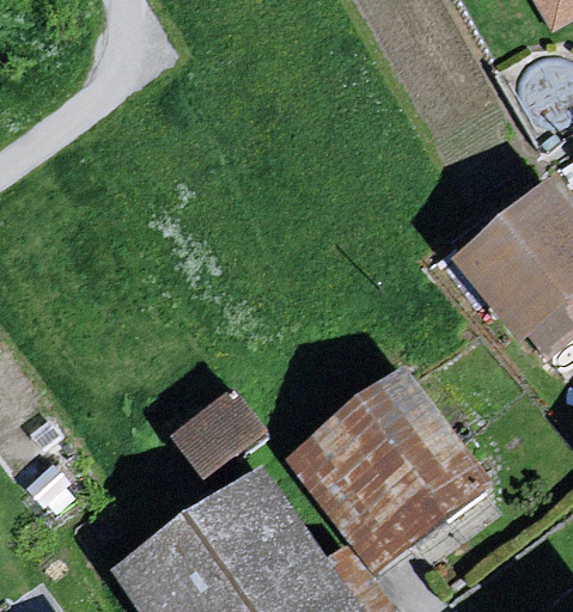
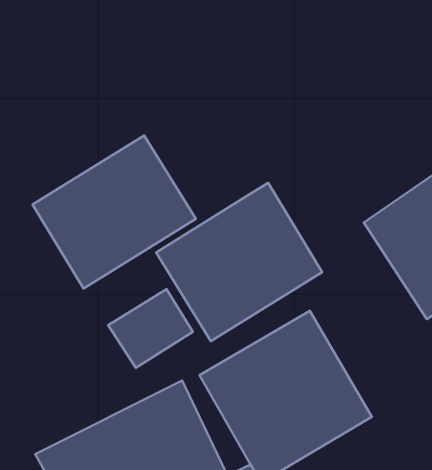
building: none -> [33,135,196,289]
building: none -> [156,183,322,341]

